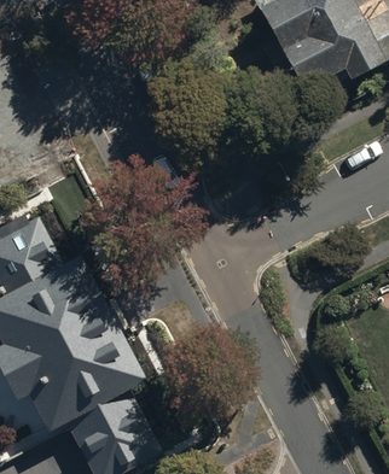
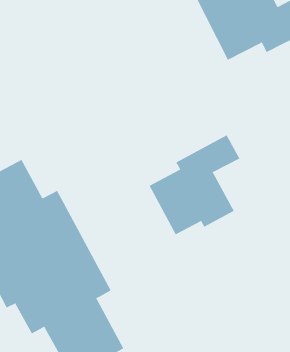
building: none -> [149,134,240,235]

